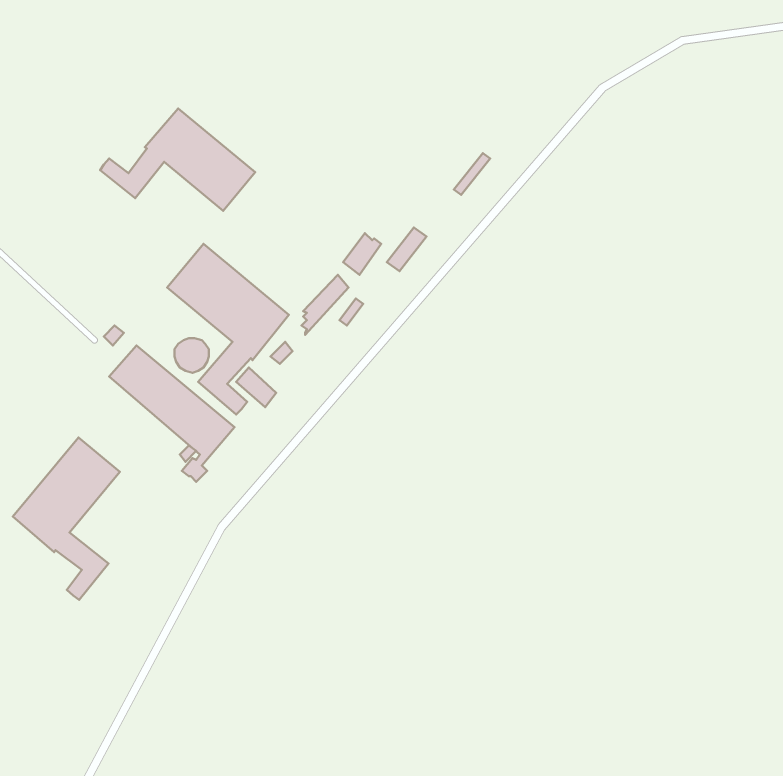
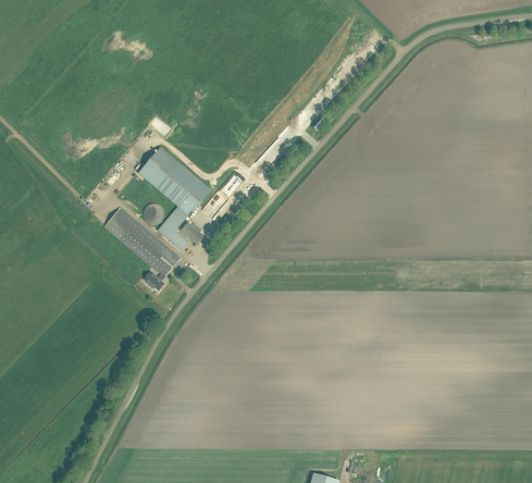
building: [100,108,255,211] -> none
building: [13,437,120,600] -> none

